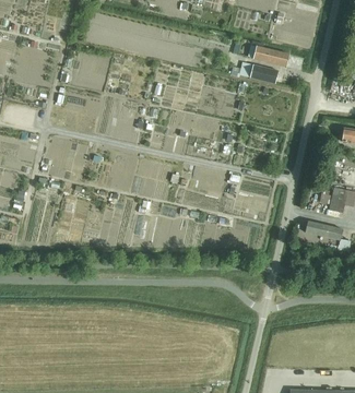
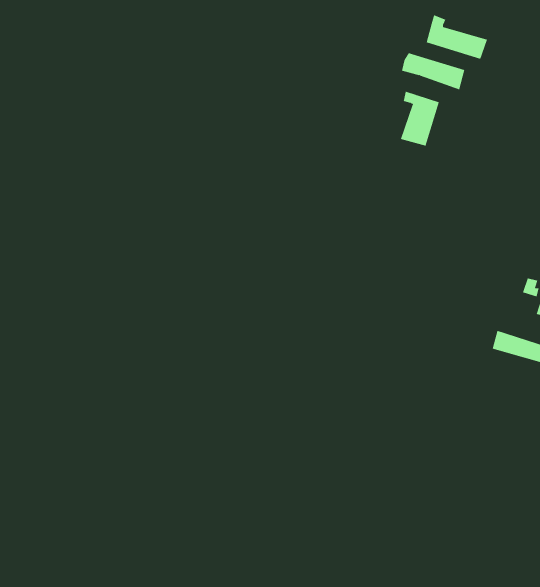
building: none -> [400,91,439,147]

